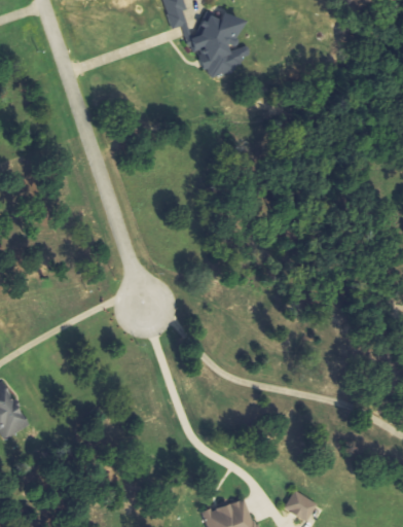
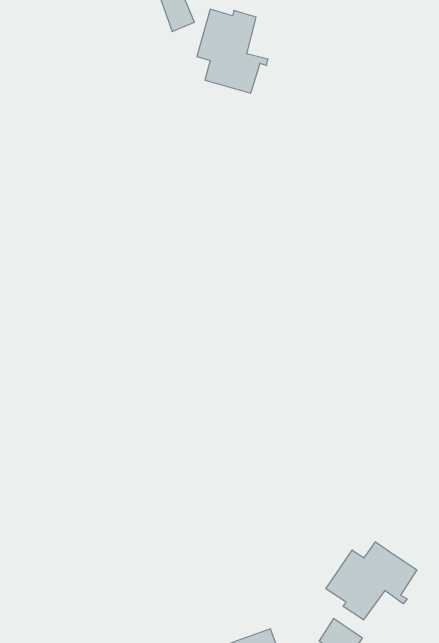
building: none -> [326,542,417,620]

